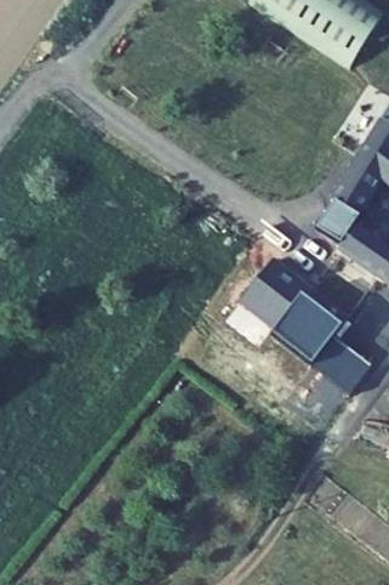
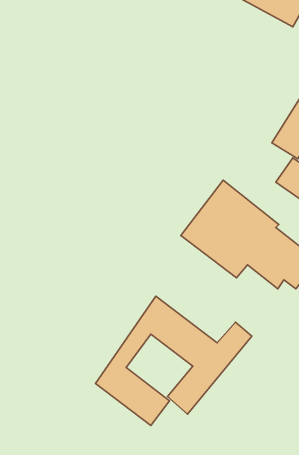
building: none -> [95,296,252,426]

